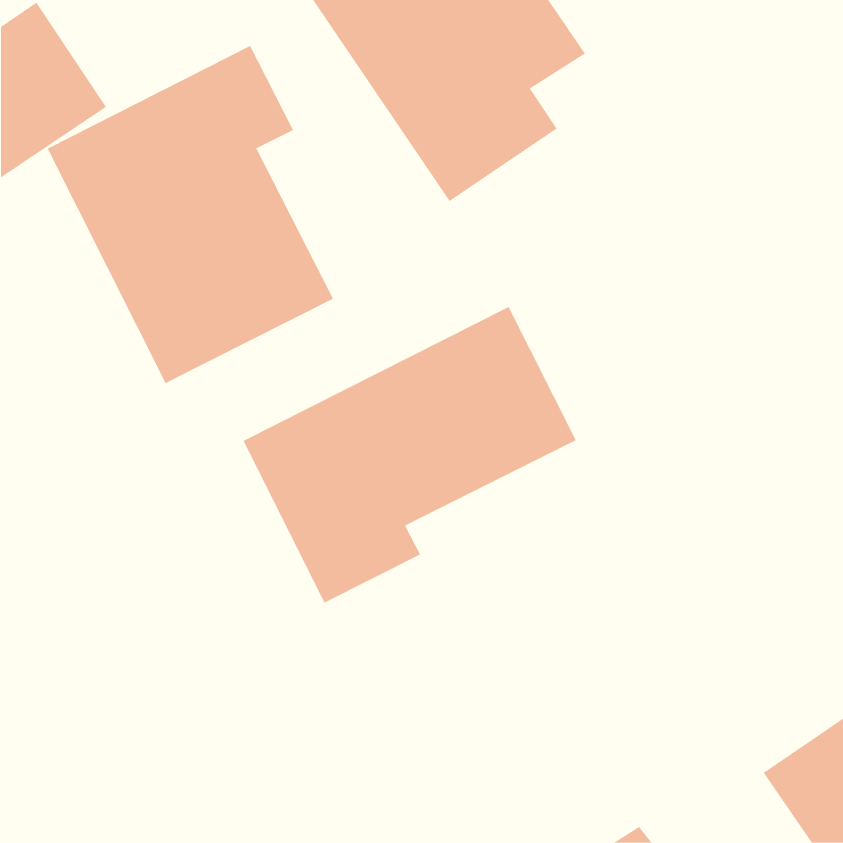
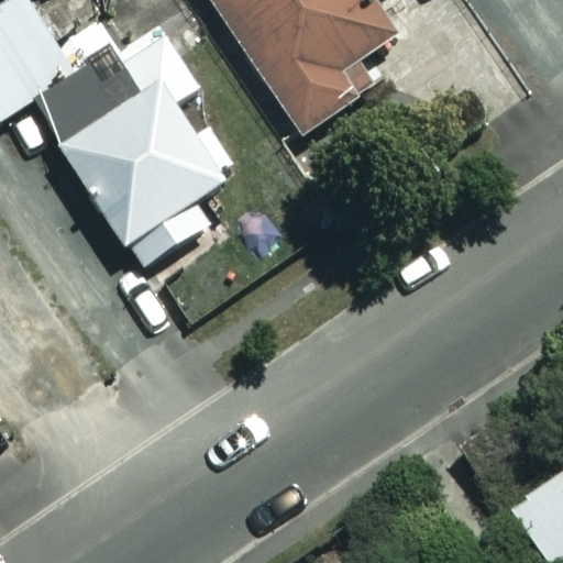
building: [243,306,576,603] -> none

